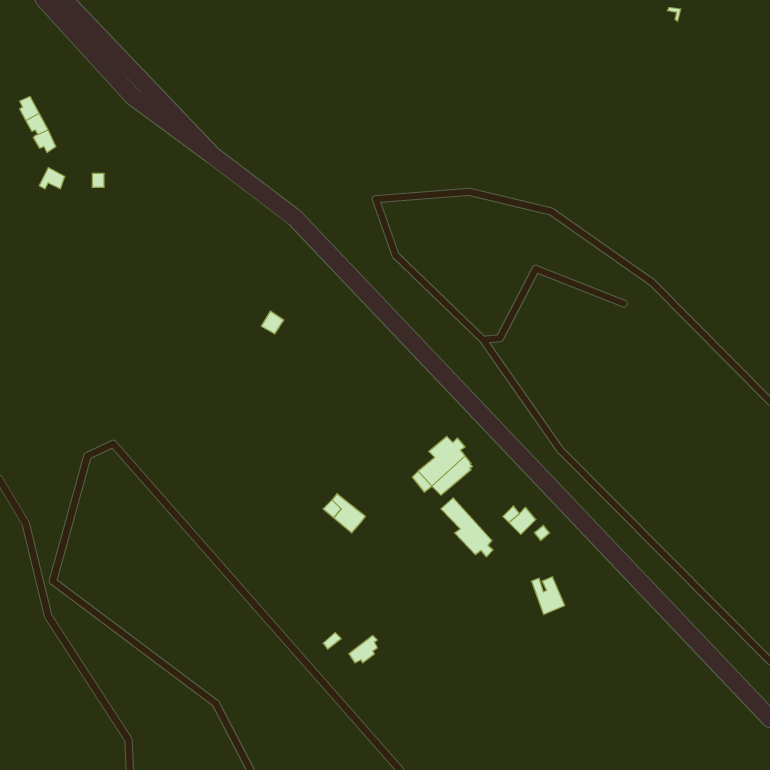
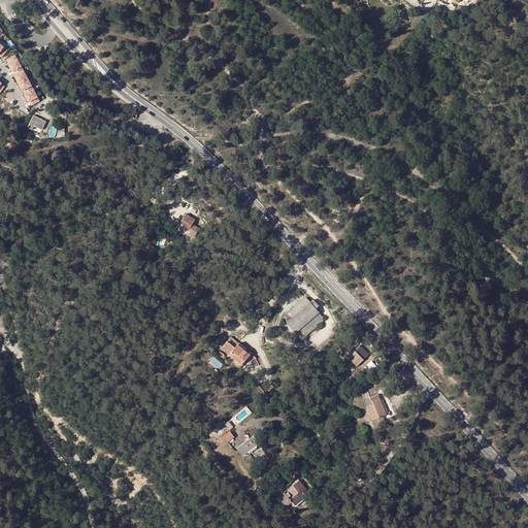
building: [441,498,493,557] -> none
building: none -> [275,480,307,507]

